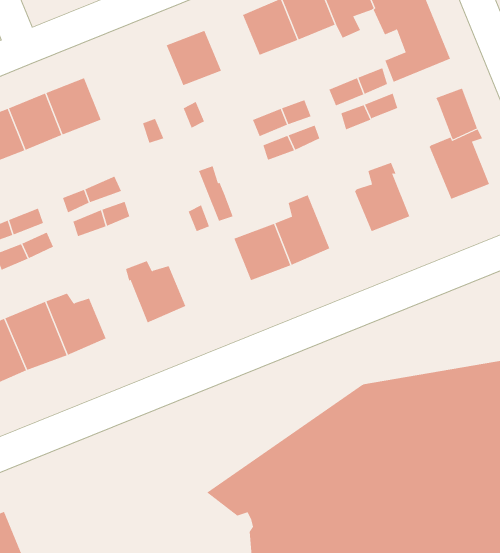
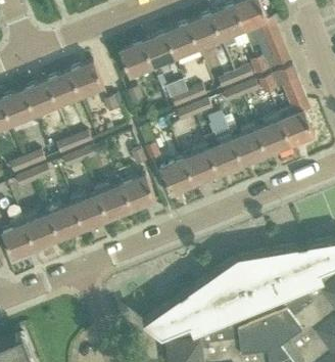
building: none -> [142,35,175,69]
building: none -> [69,63,102,98]
building: none -> [257,66,297,95]
building: none -> [202,111,242,176]
building: none -> [255,115,290,156]
building: none -> [121,176,155,211]
building: none -> [69,192,107,230]

